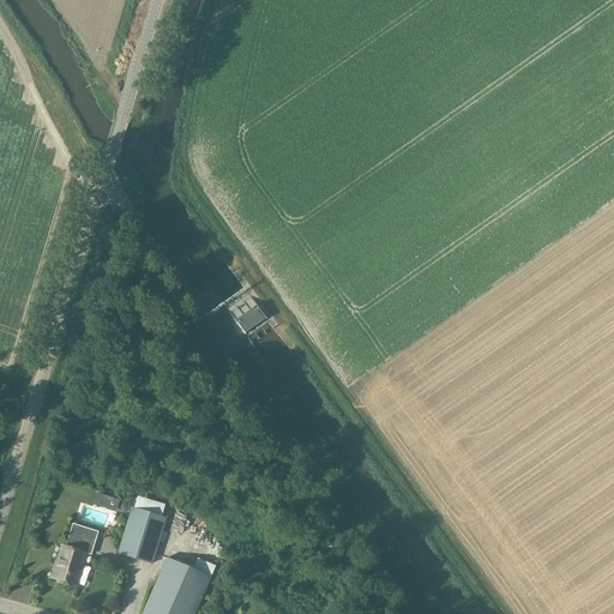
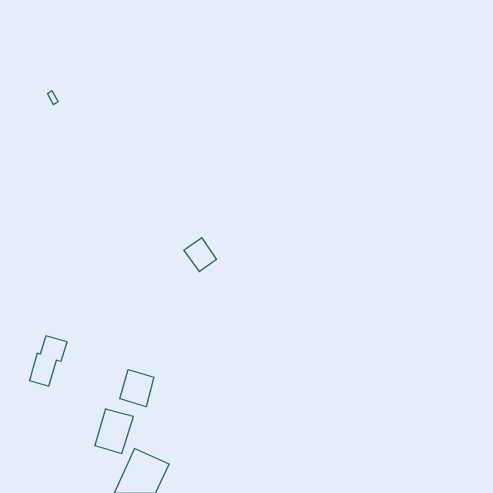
building: none -> [120,370,154,407]
building: [53,523,100,585] -> [29,336,67,386]

